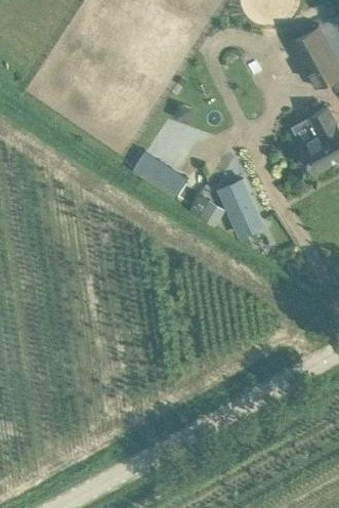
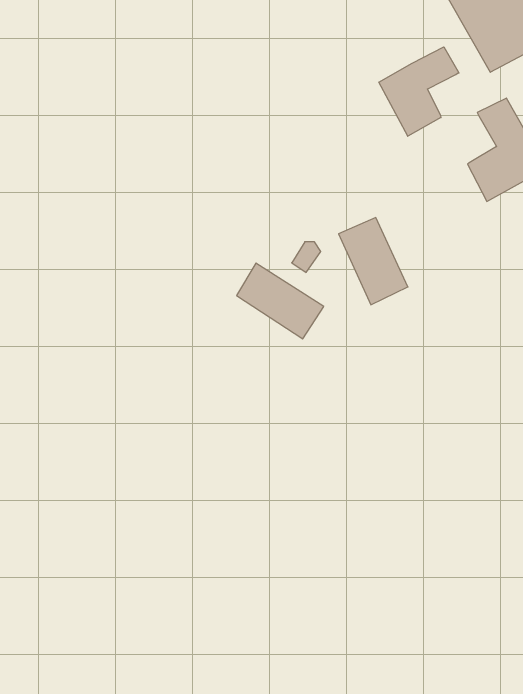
building: none -> [379,47,459,136]
building: [132,150,187,198] -> [237,263,324,339]

